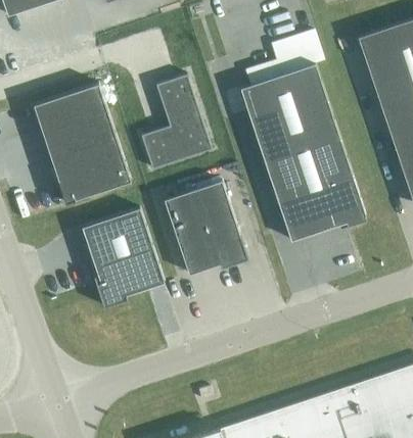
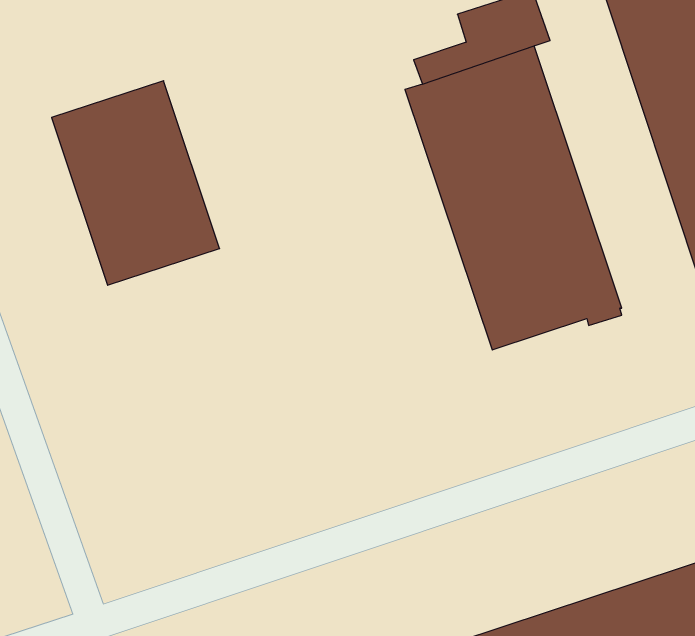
building: [141,75,212,169] -> none
building: [164,181,248,275] -> none
building: [81,208,165,307] -> none

